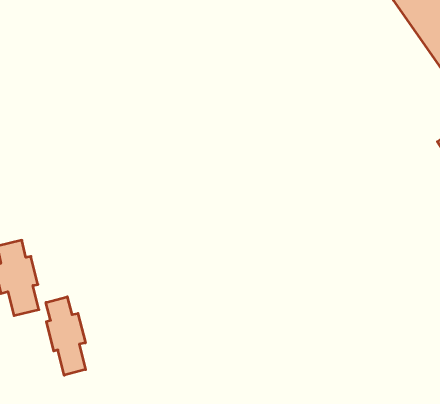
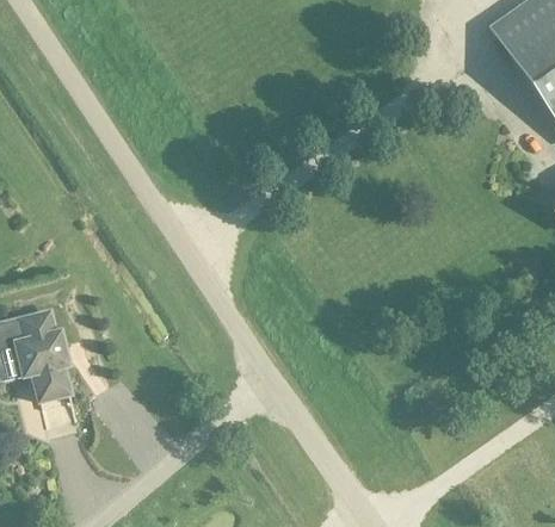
building: [46,297,86,375] -> none

